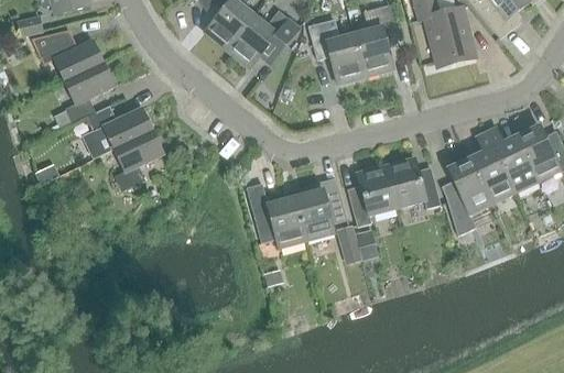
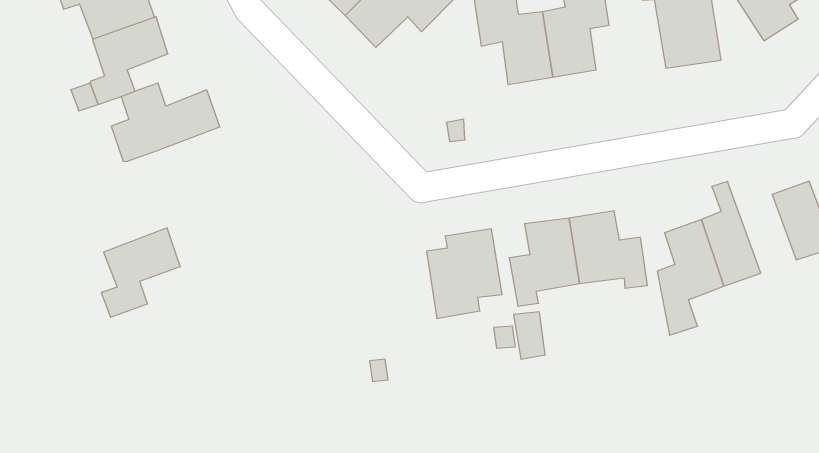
building: [486,125,535,188] -> none
building: [113,129,164,190] -> [101,228,180,317]
building: [247,183,306,245] -> none

